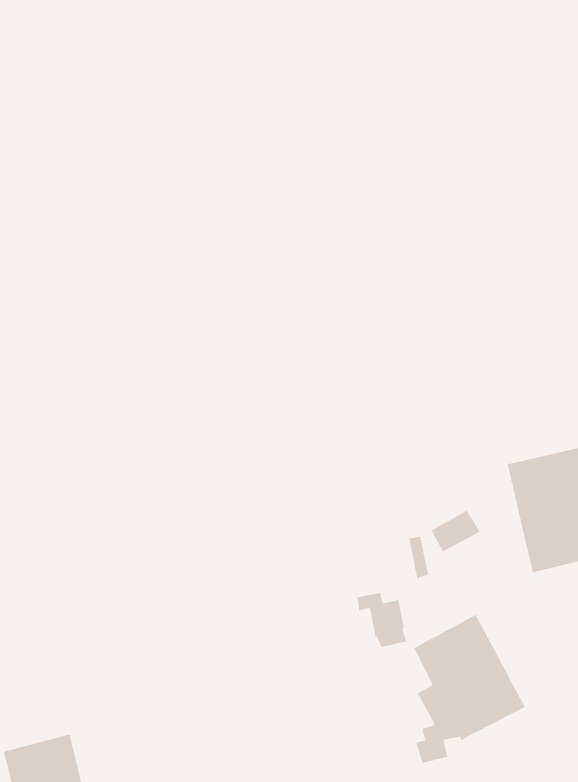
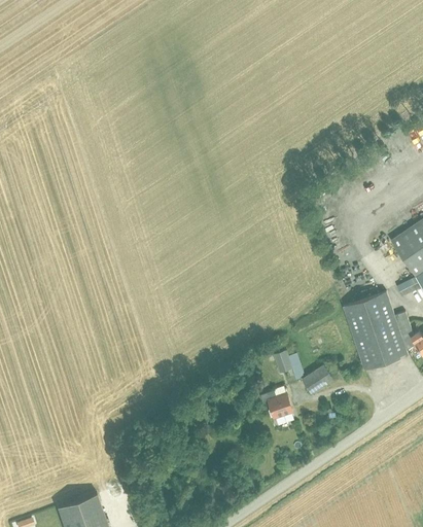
building: [431,510,480,552] -> [303,366,332,393]
building: [413,614,526,764] -> none

